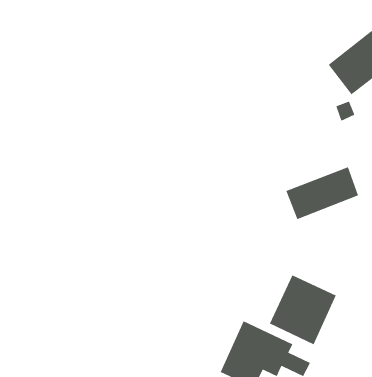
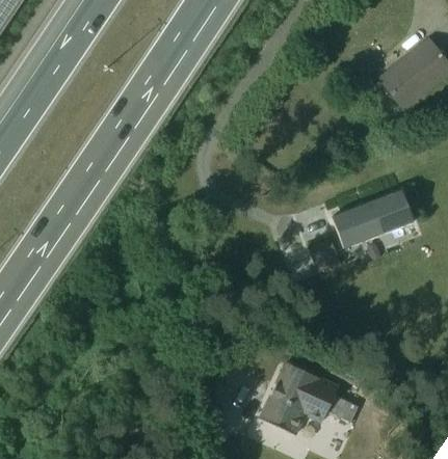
building: [269,275,337,345] -> none

